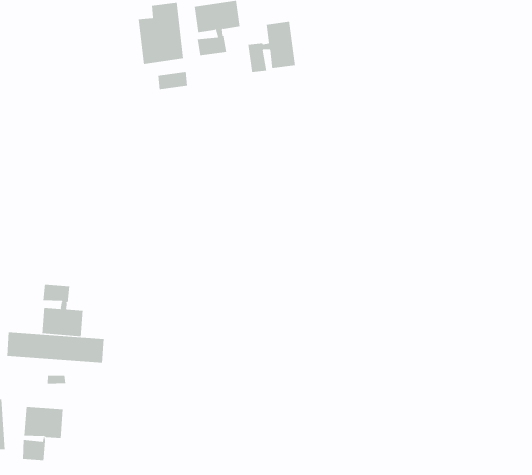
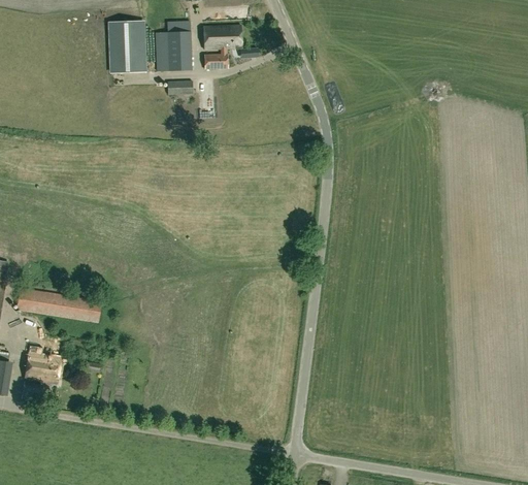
building: none -> [109,20,144,71]
building: [248,21,295,73] -> none
building: [42,284,83,337] -> none

